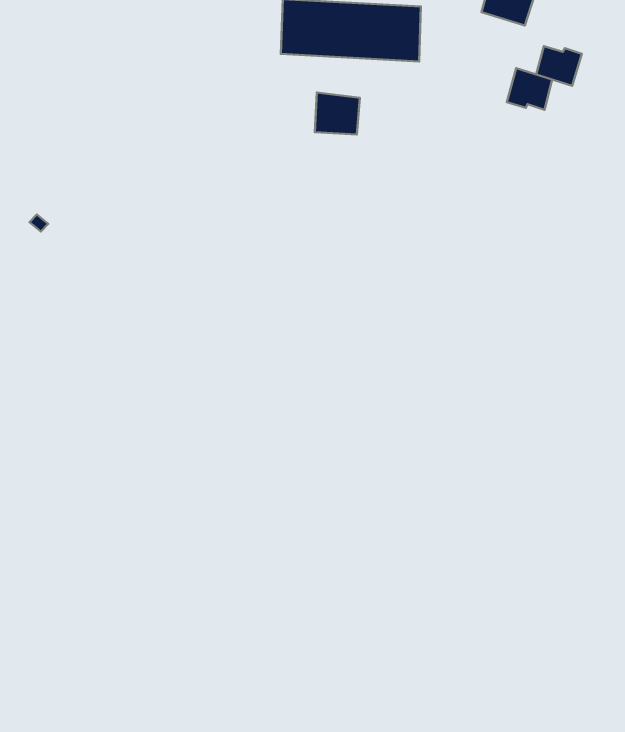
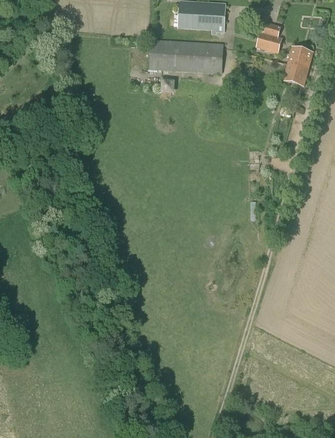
building: [507,68,552,110] -> [288,47,312,69]
building: [315,92,360,134] -> none

